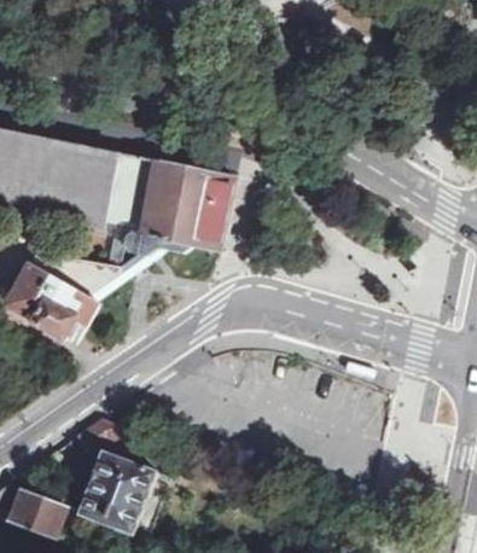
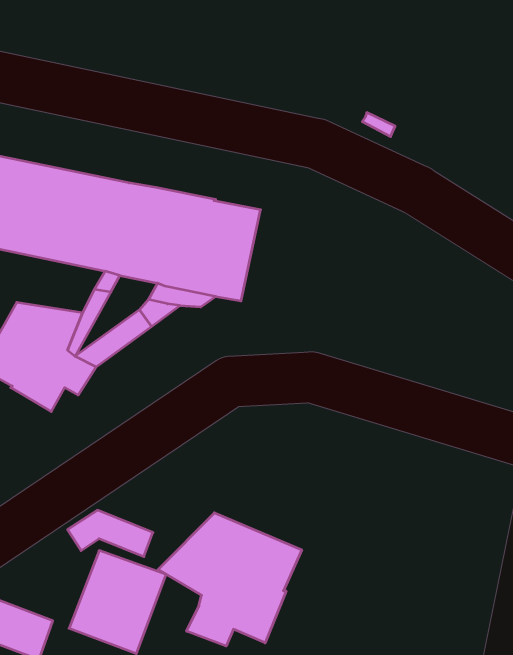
building: none -> [158,513,302,646]

